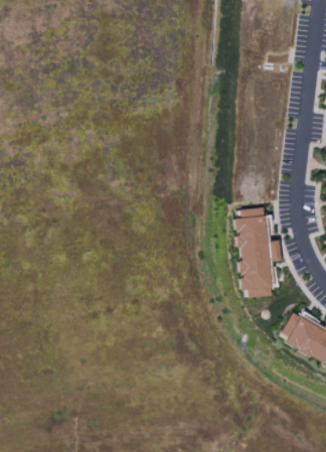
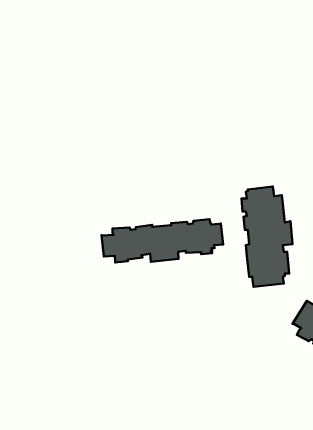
building: none -> [101,219,223,263]

